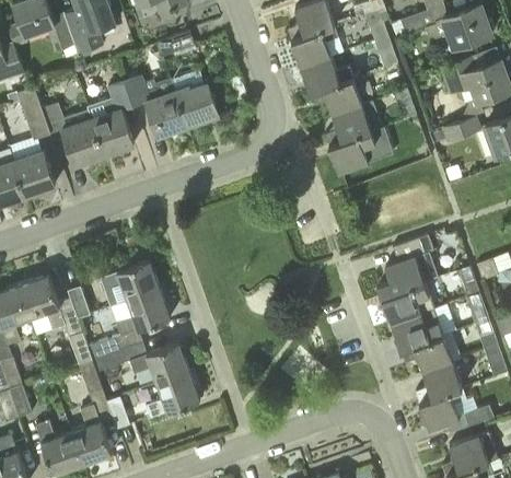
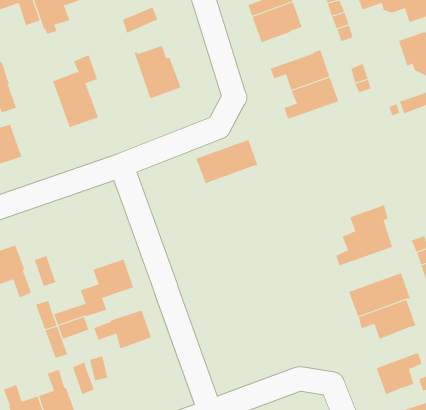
building: [301,58,353,95] -> none
building: [124,75,186,137] -> none
building: [40,105,103,166] -> none
building: [328,128,393,174] -> [196,139,258,184]
building: [98,260,160,302] -> none
building: [381,280,452,325] -> none
building: [415,362,463,404] -> none
building: [144,372,199,420] -> none

